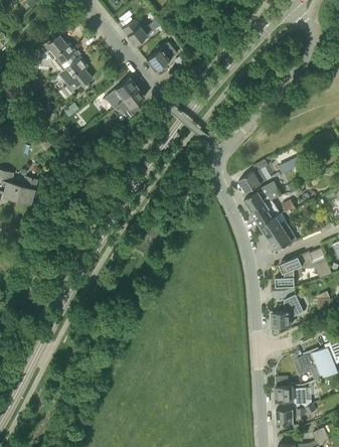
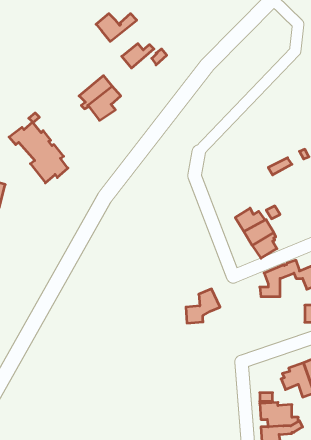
building: [37,34,93,92] -> [9,122,68,183]
building: [239,159,268,192] -> none
building: [244,183,281,211] -> none
building: [273,295,305,327] -> [186,289,220,323]

